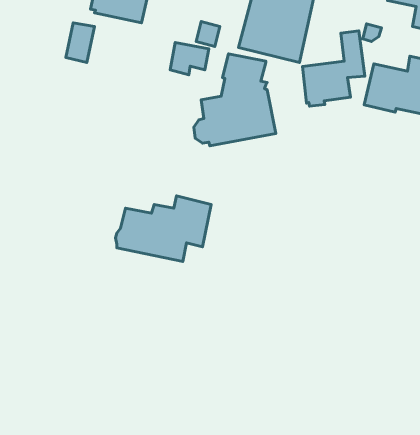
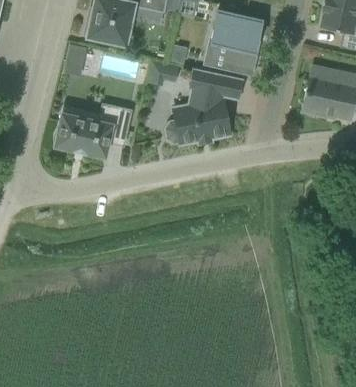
building: [302,31,365,106] -> none
building: [116,196,211,262] -> [54,104,131,157]

